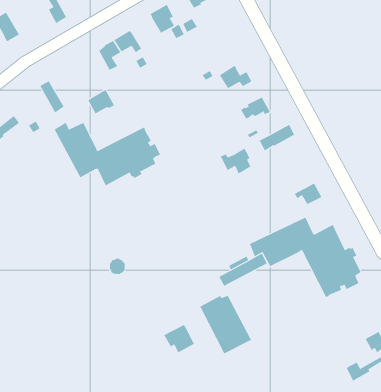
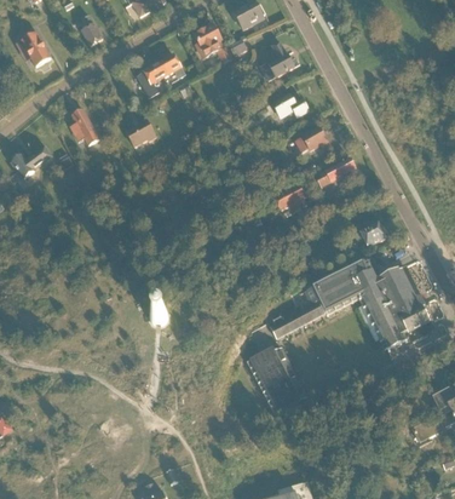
building: none -> [259,40,294,80]
building: [54,122,161,186] -> none
building: [163,324,194,353] -> none

